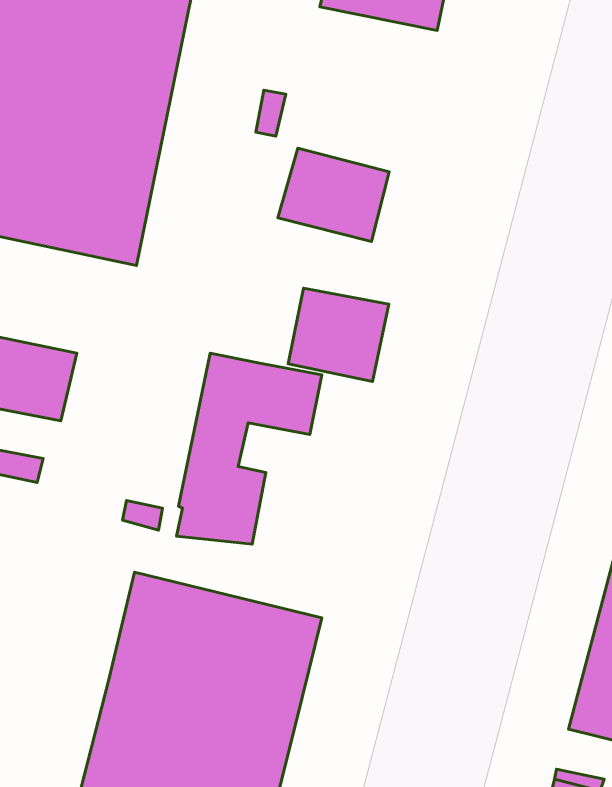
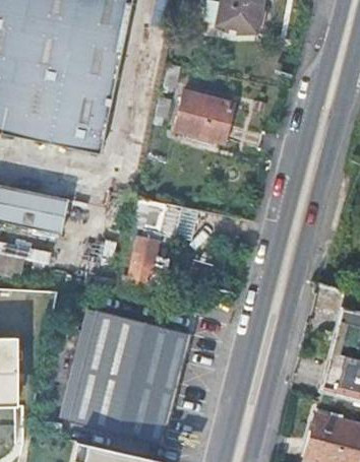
building: [288,288,389,382] -> none

